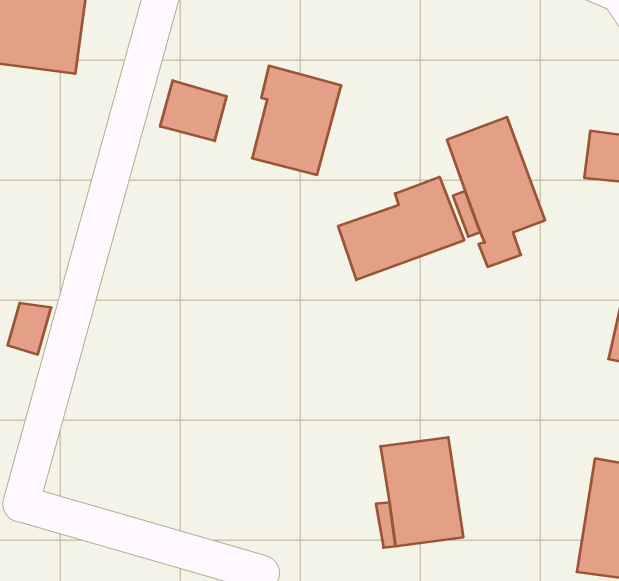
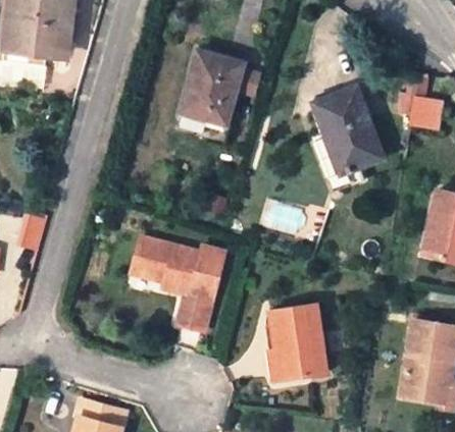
building: [160,80,226,141] -> none
building: [338,177,464,280] -> none
building: none -> [134,239,231,331]

